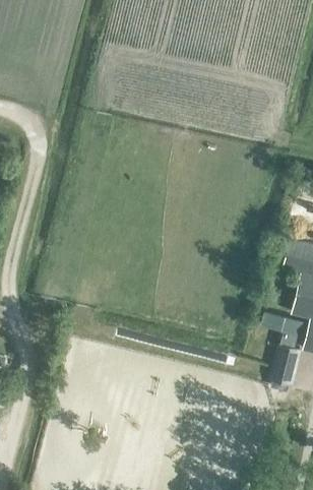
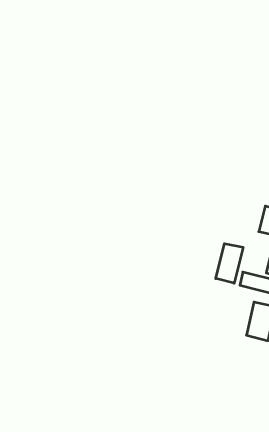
building: none -> [216,244,243,283]

